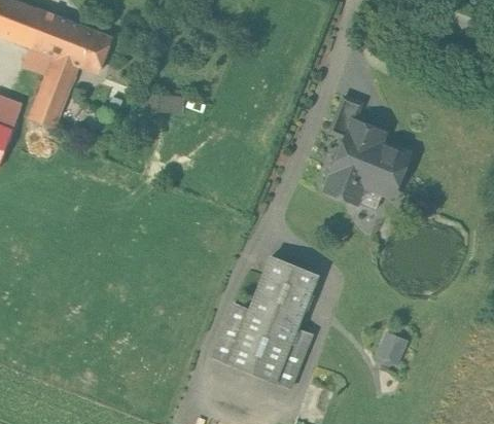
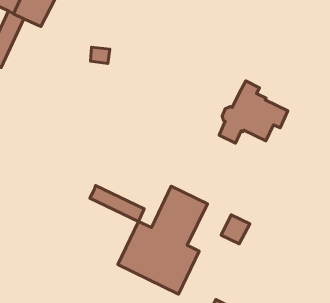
building: [330,98,361,138] -> none
building: none -> [90,185,144,222]
building: [375,330,409,365] -> [221,215,250,244]

